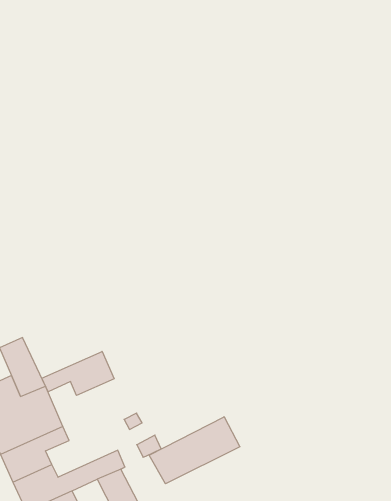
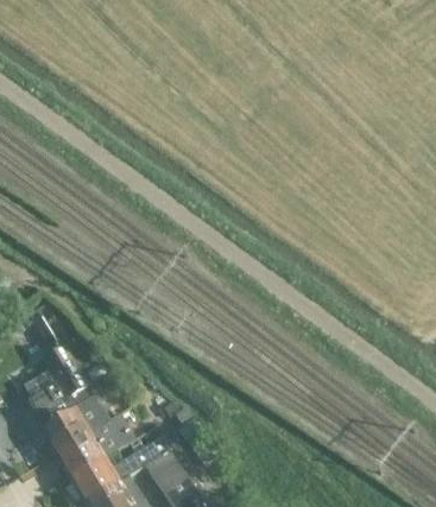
building: [42,351,114,395] -> none
building: [149,417,240,484] -> none

